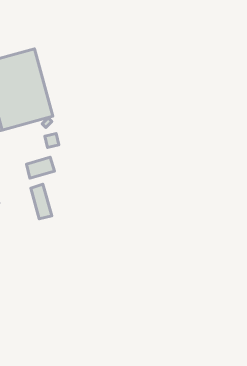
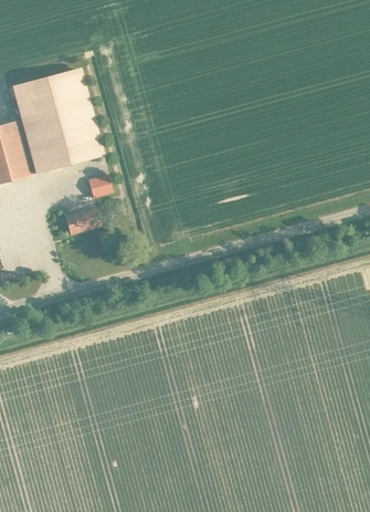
building: [31,184,52,219] -> none

